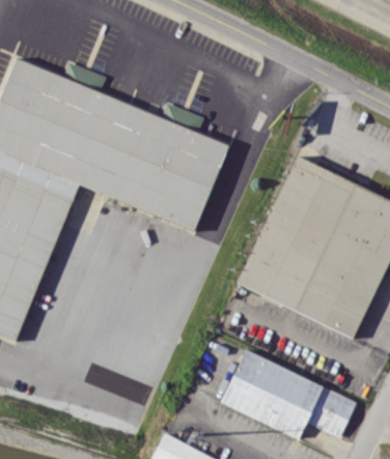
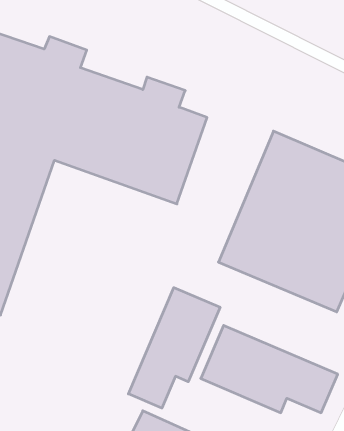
building: none -> [128,288,220,408]

